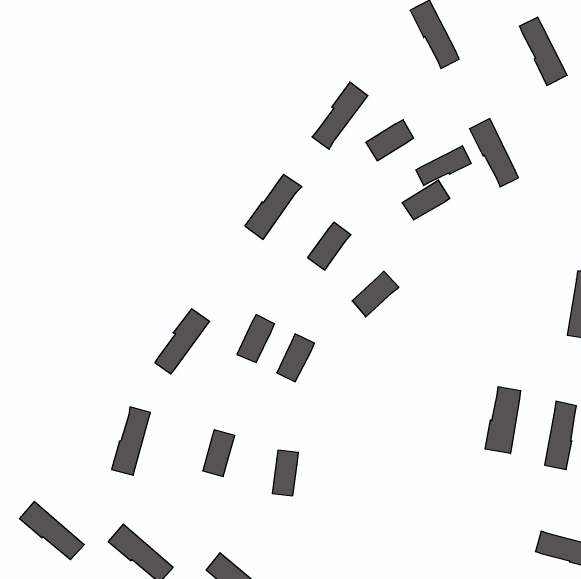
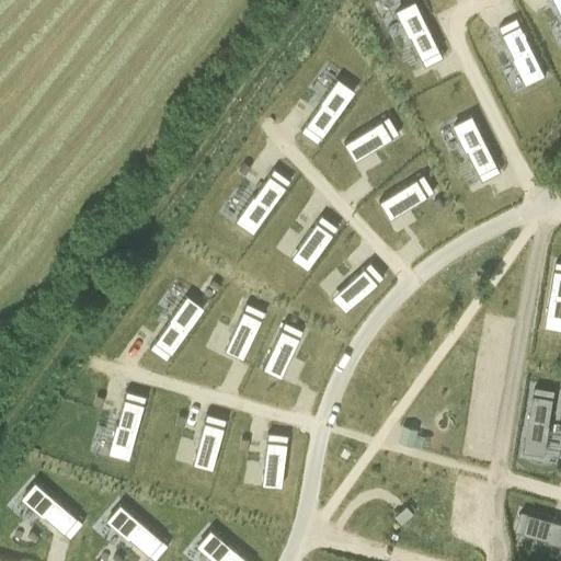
building: [416,146,471,186] -> none
building: [485,387,521,454] -> none

